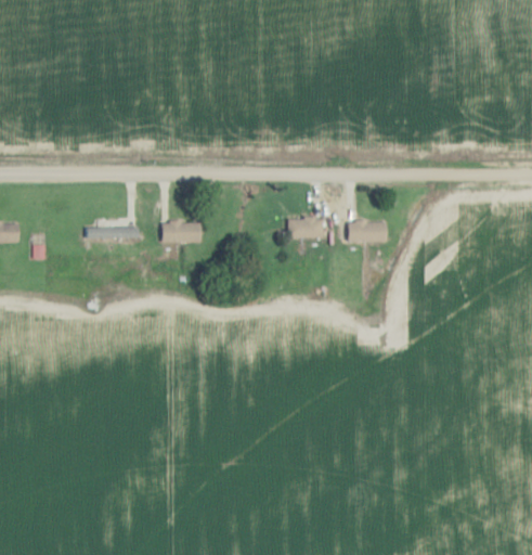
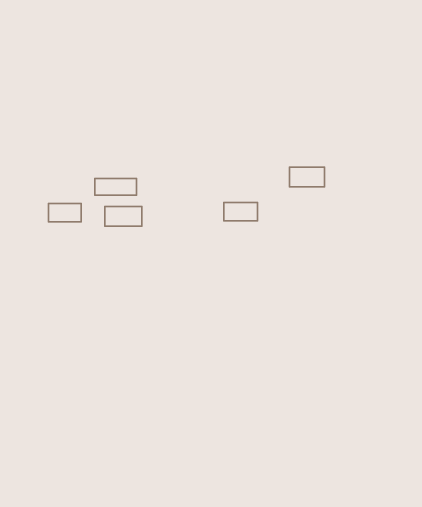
building: none -> [95,179,136,195]
building: [350,221,387,242] -> [290,167,325,187]

